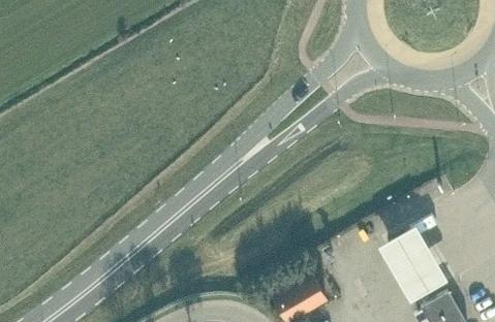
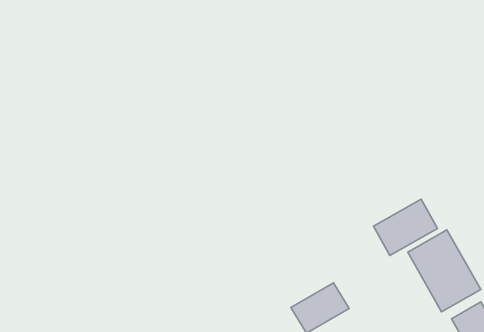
building: none -> [373,199,437,255]

